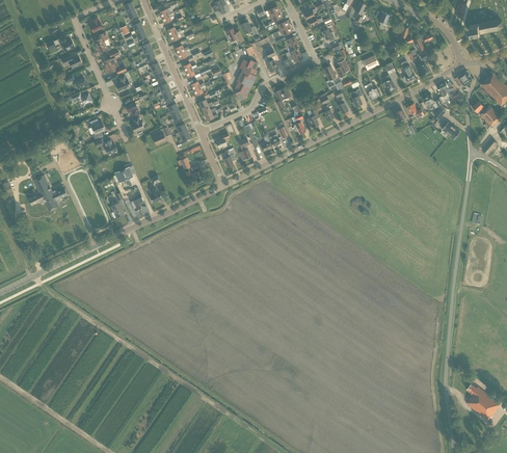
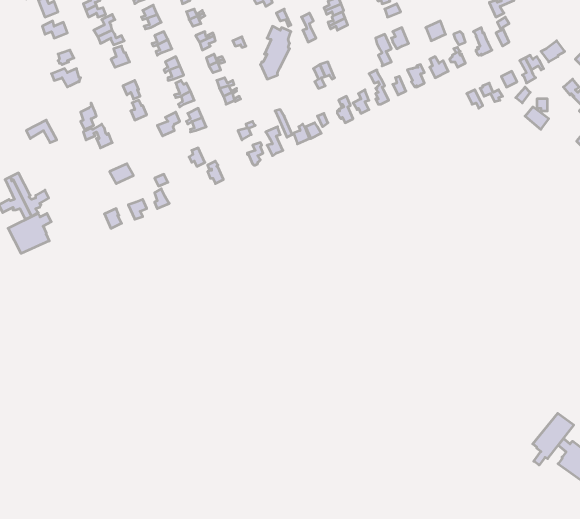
building: none -> [8,213,51,253]
building: none -> [533,413,574,465]

